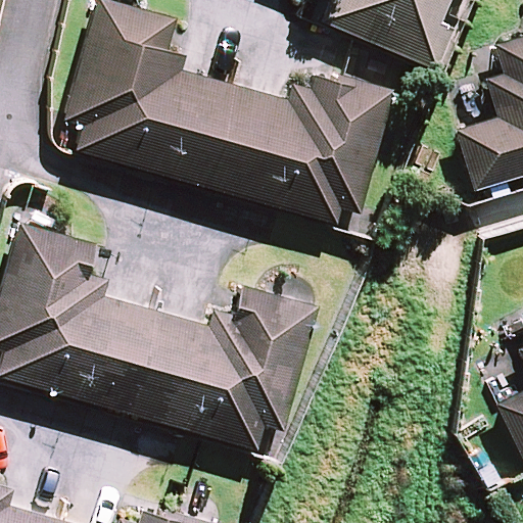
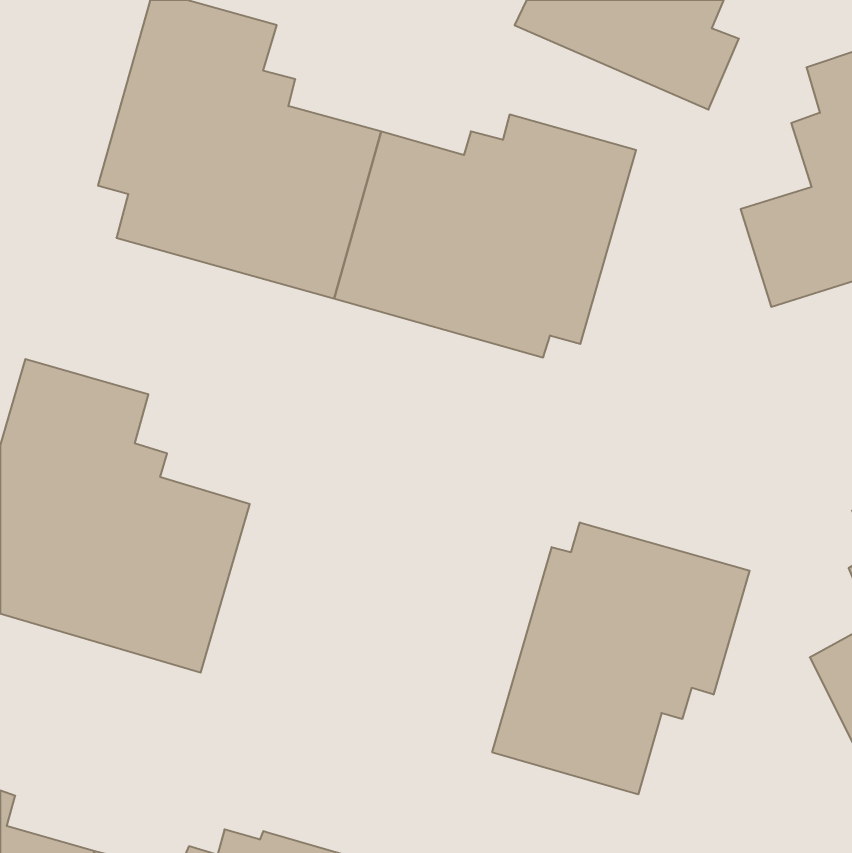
building: [128,284,318,448] -> none
building: none -> [492,522,750,794]

